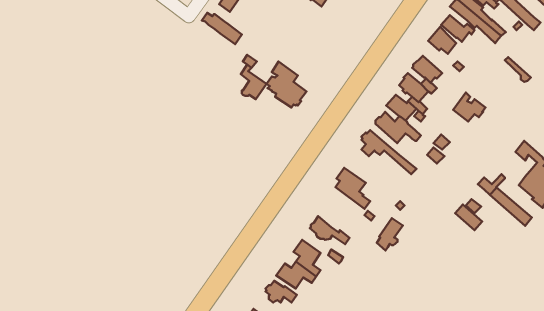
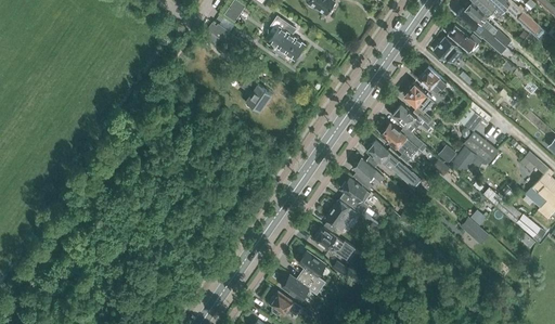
building: [267,61,306,108] -> [266,15,306,62]
building: none -> [451,132,499,172]
building: none -> [352,158,384,191]
building: [377,218,403,250] -> [324,200,350,233]

